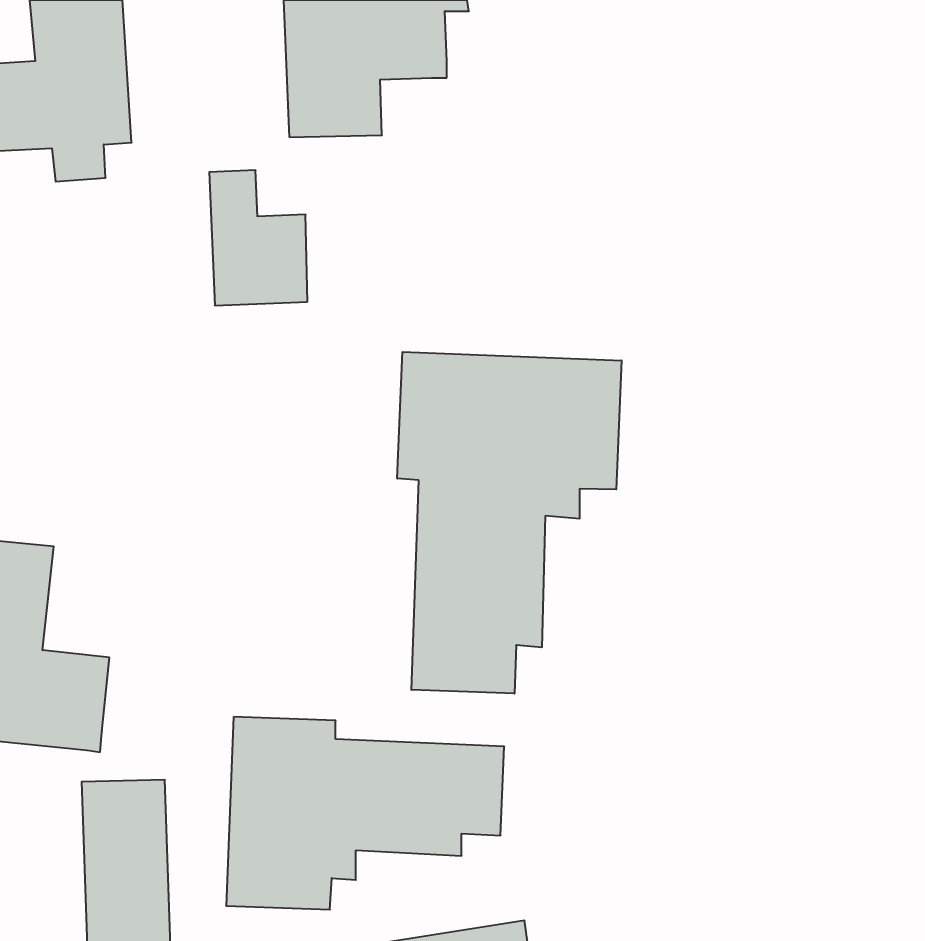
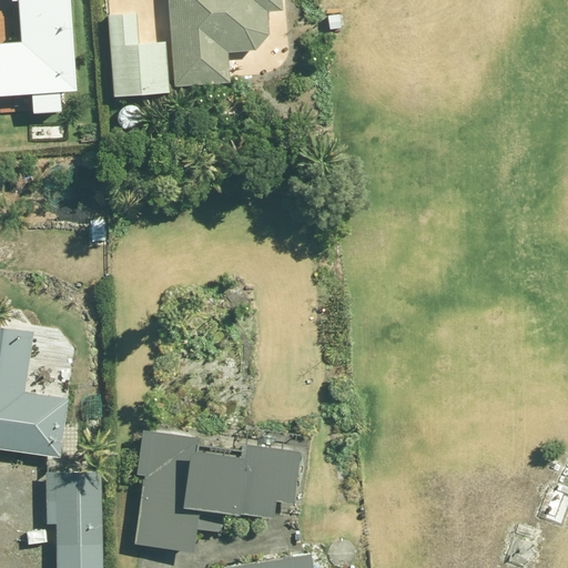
building: [209,170,307,305] -> [109,14,168,95]
building: [397,352,622,694] -> none

